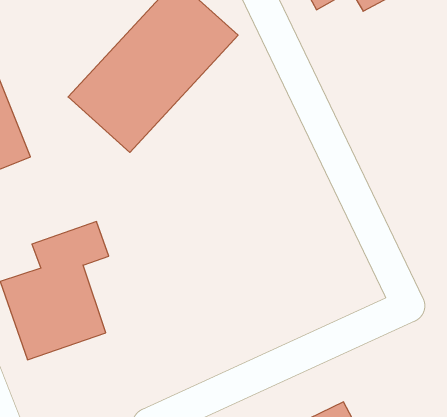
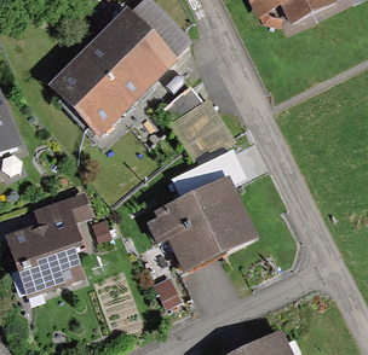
building: none -> [144,180,257,264]

